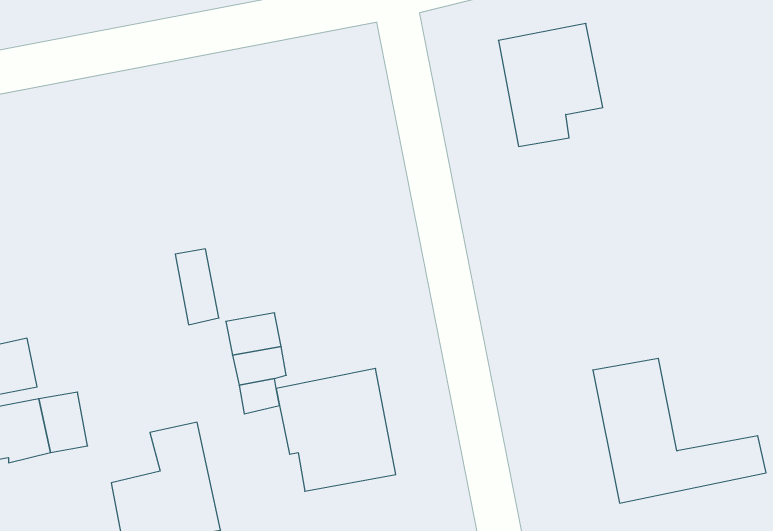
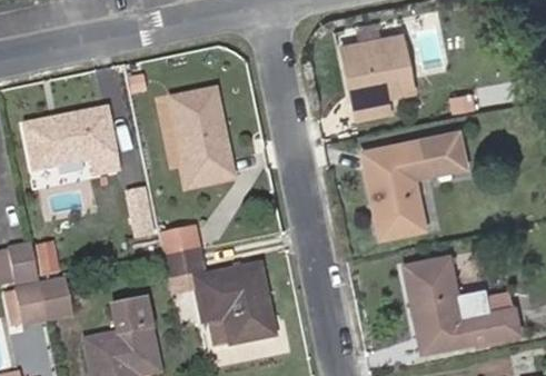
building: none -> [172,89,231,185]
building: none -> [26,107,119,172]
building: none -> [364,132,464,238]

